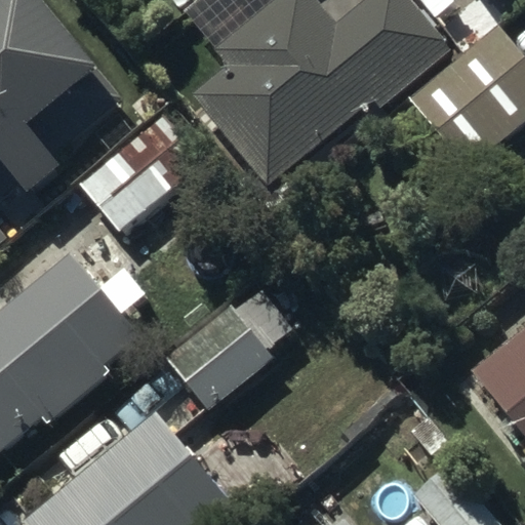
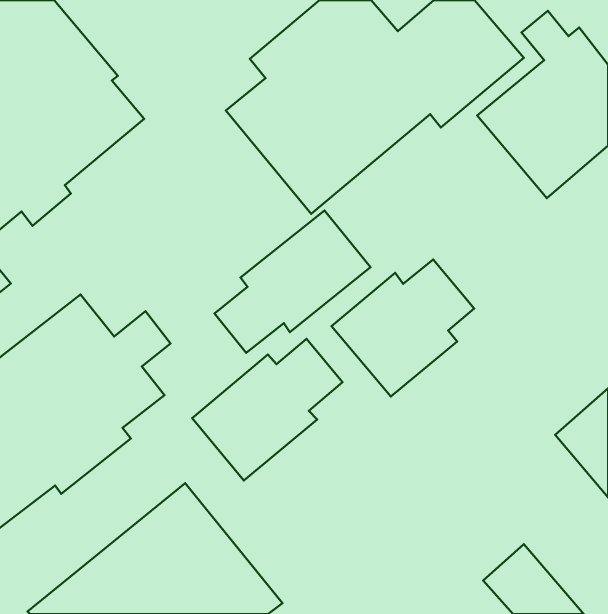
building: [79,116,202,232] -> none
building: none -> [214,210,371,353]
building: none -> [332,260,474,397]

